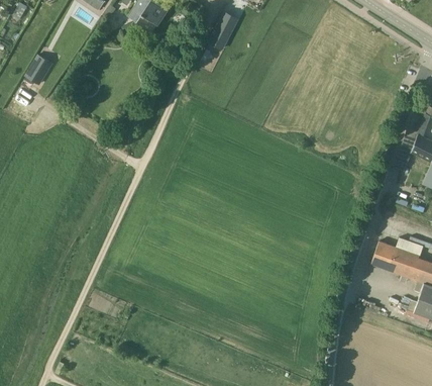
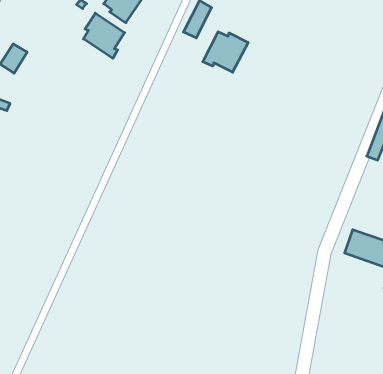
building: none -> [83,13,125,58]
building: none -> [203,32,248,72]

